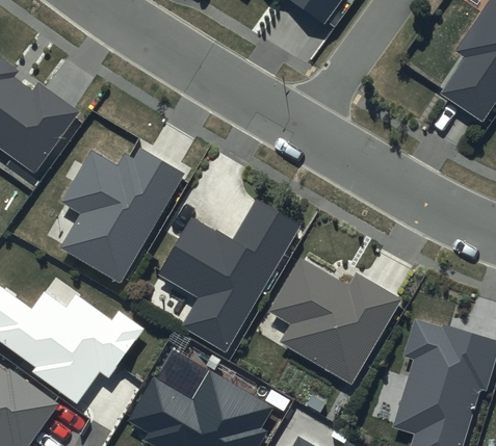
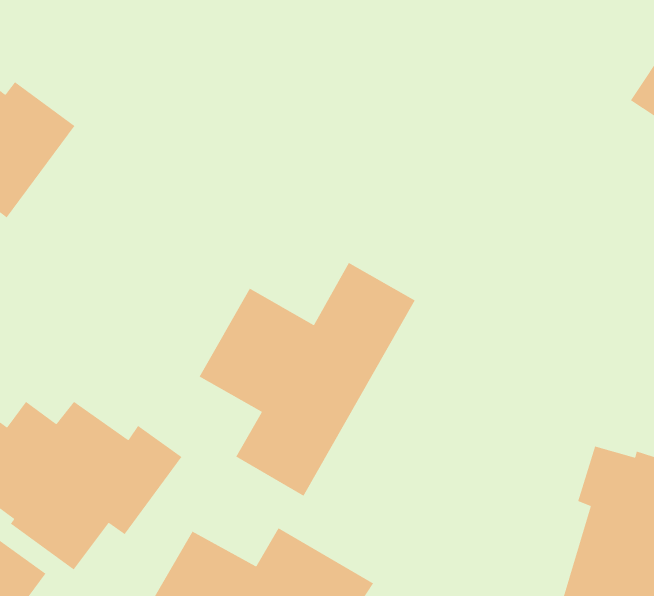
building: [60,147,184,282] -> none
building: [268,258,400,383] -> none

